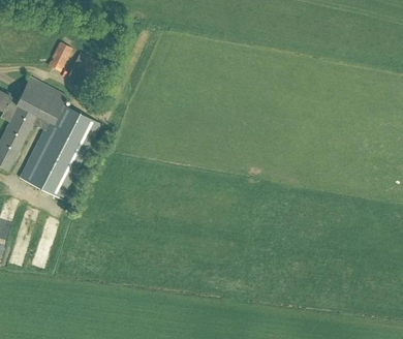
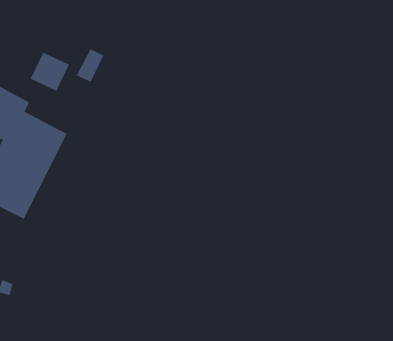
building: [45,40,70,70] -> [76,49,104,83]

